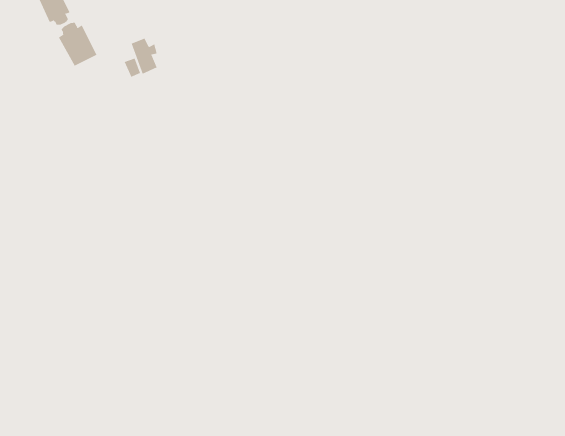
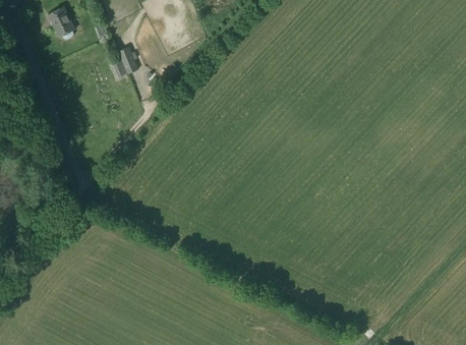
building: [58,22,97,66] -> none

